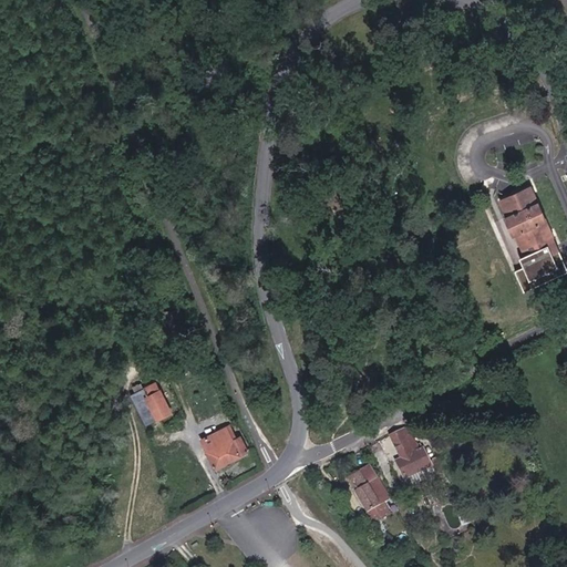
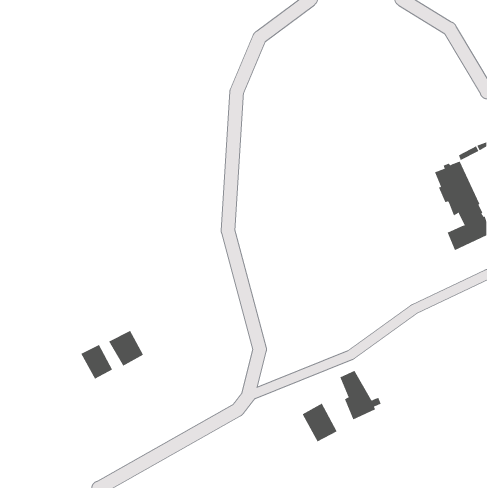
building: none -> [81,344,113,380]
building: [197,426,244,467] -> none

